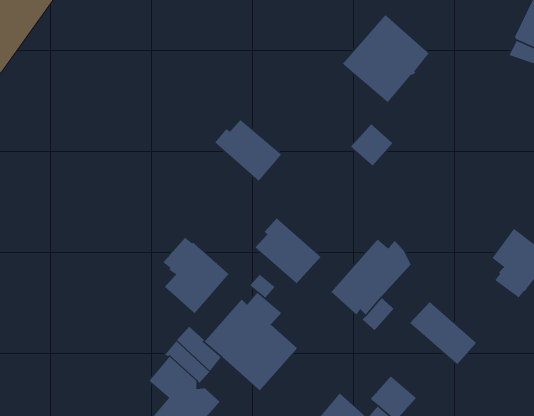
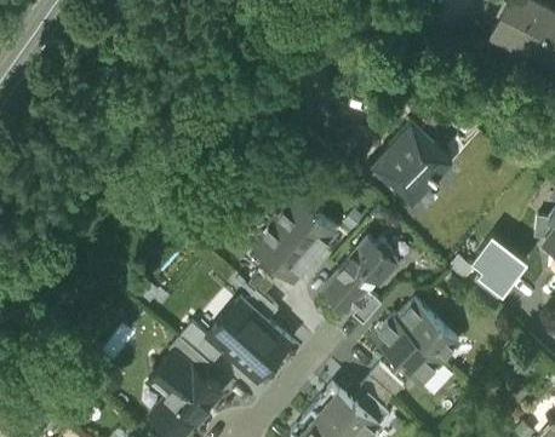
building: [342,14,430,103] -> [371,126,452,208]
building: [214,119,282,182] -> [274,200,337,258]
building: [162,237,230,314] -> none
building: none -> [373,317,441,383]

